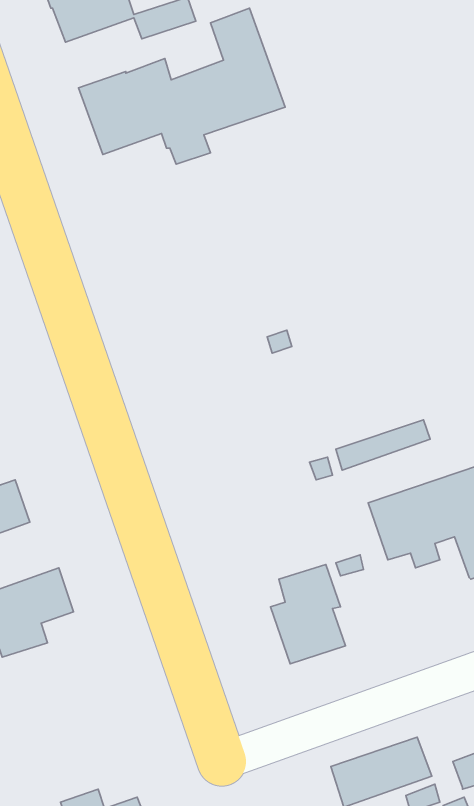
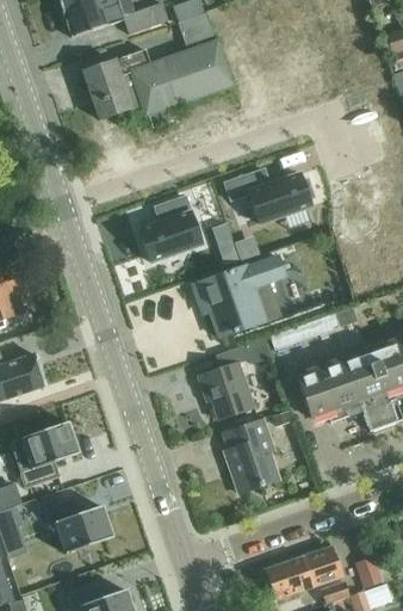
building: none -> [234,167,306,224]
building: none -> [136,196,198,261]
building: none -> [192,254,285,337]
building: none -> [198,344,254,418]
building: none -> [45,500,113,554]

